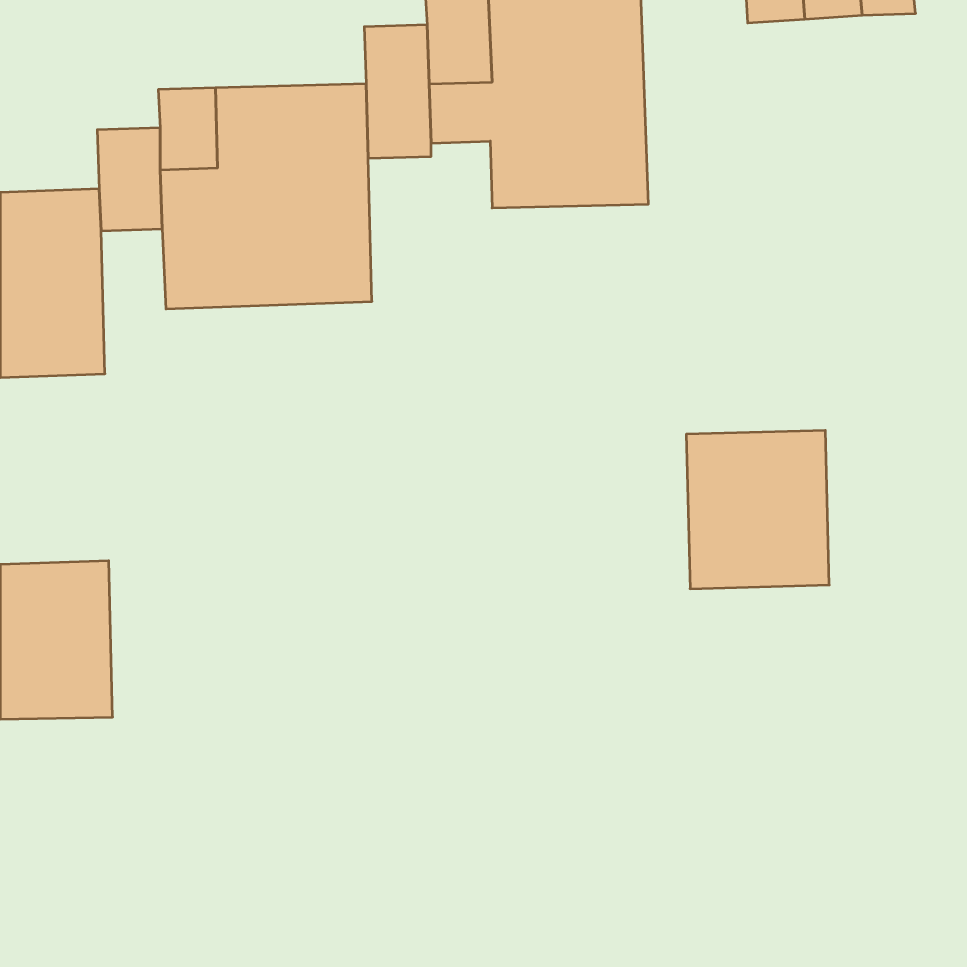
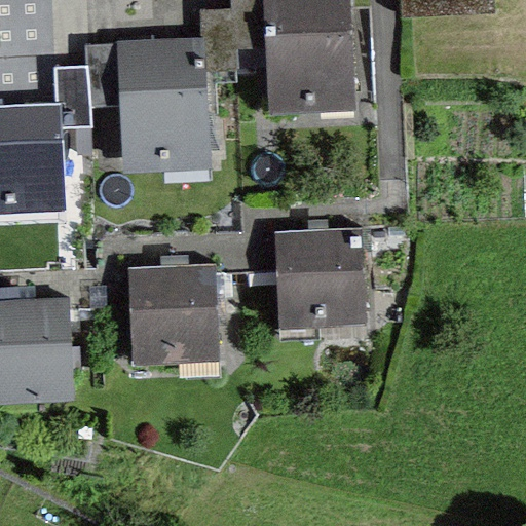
building: [686,430,829,589] -> [284,230,361,315]
building: none -> [137,268,214,353]

